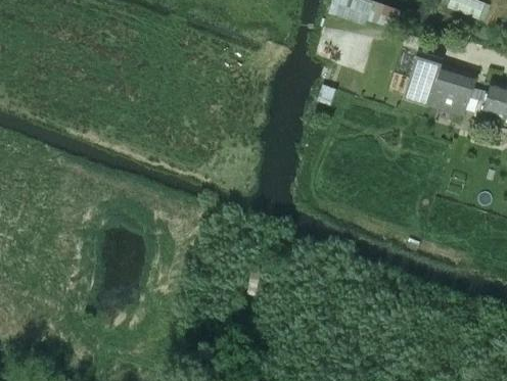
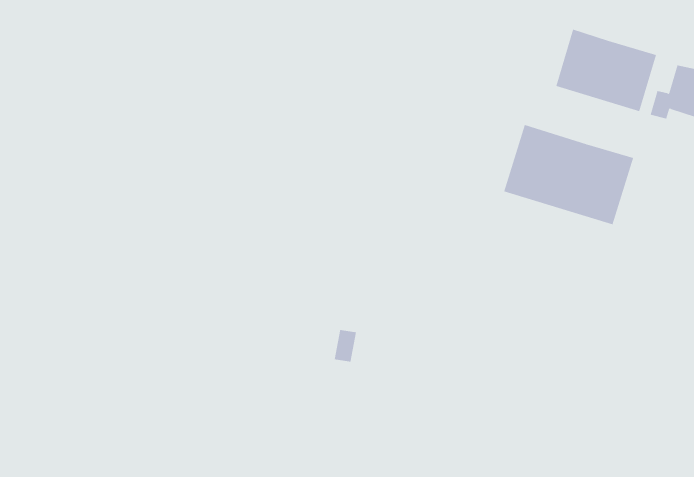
building: none -> [503,124,634,225]

